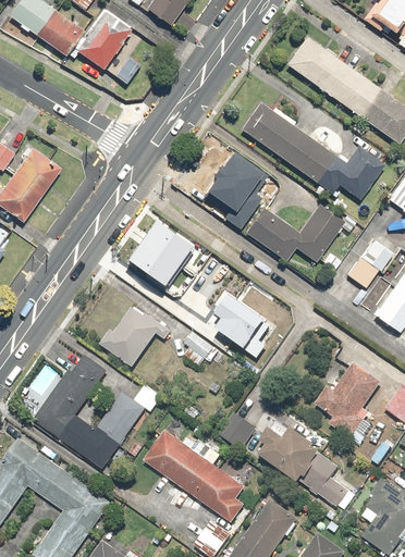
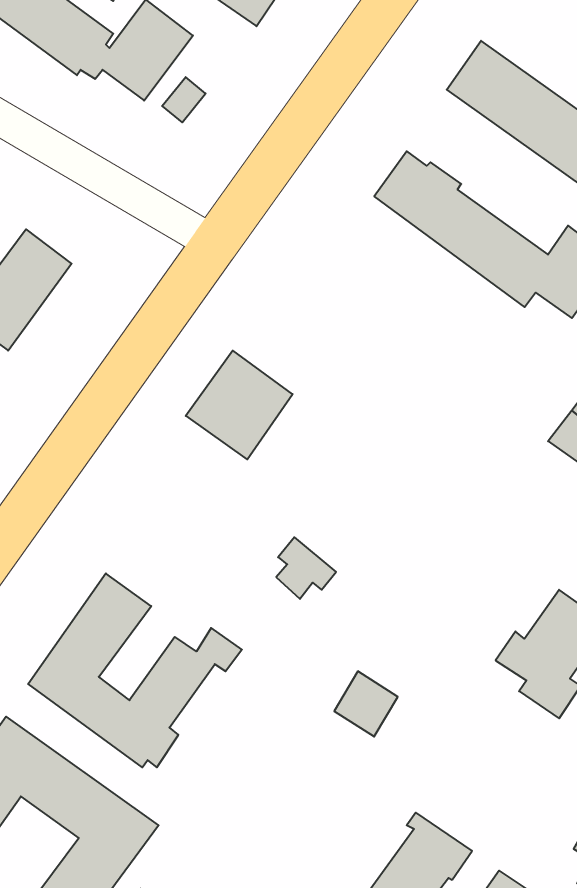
building: [208,151,269,228] -> none
building: [246,202,356,262] -> none
building: [212,293,270,356] -> none
building: [100,309,171,369] -> none
building: [259,419,356,512] -> none
building: [144,432,246,524] -> none

